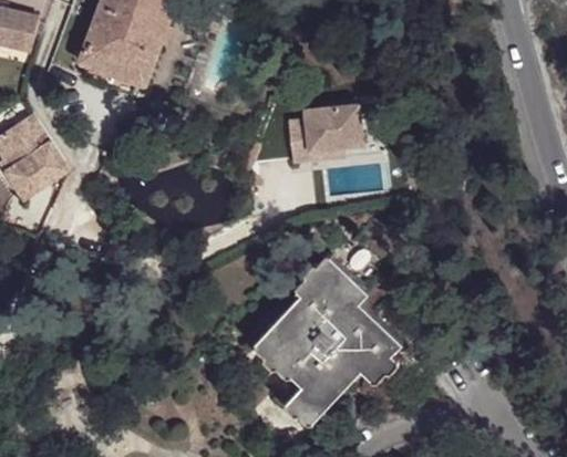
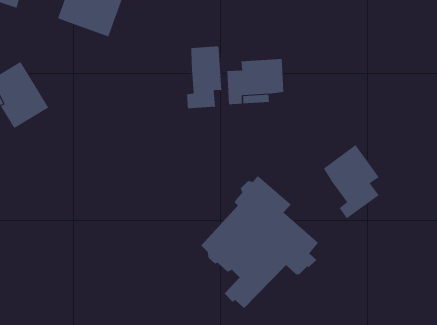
building: none -> [186,45,222,109]
building: none -> [323,144,379,219]

